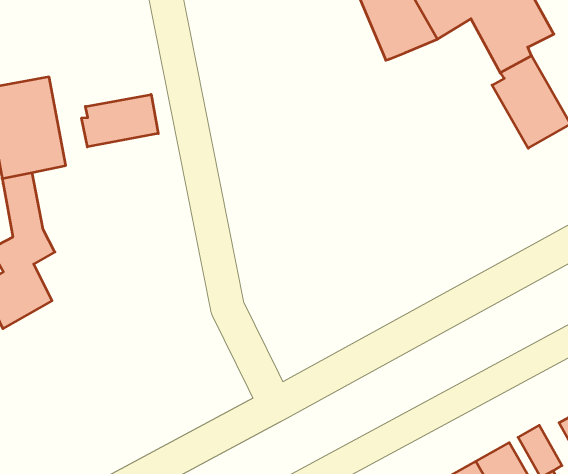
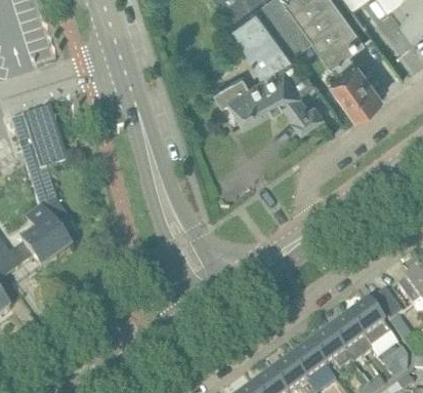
building: none -> [212,51,322,130]
building: [82,94,158,147] -> none

